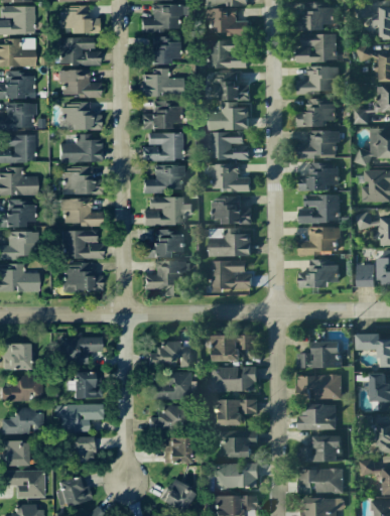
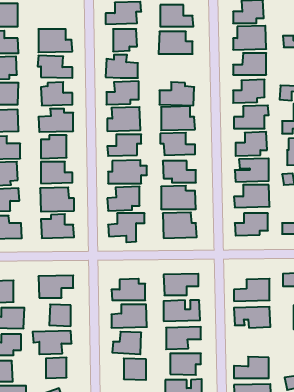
building: [60,7,99,33] -> none
building: [210,75,250,101] -> none
building: [298,404,337,430] -> none

